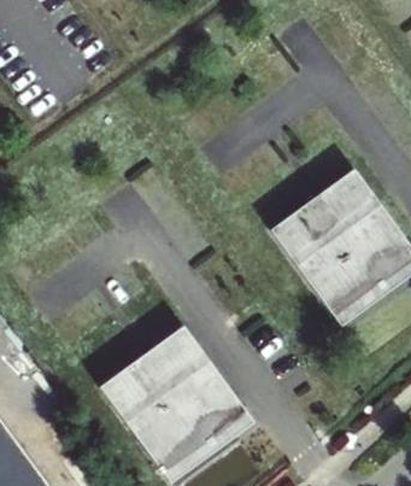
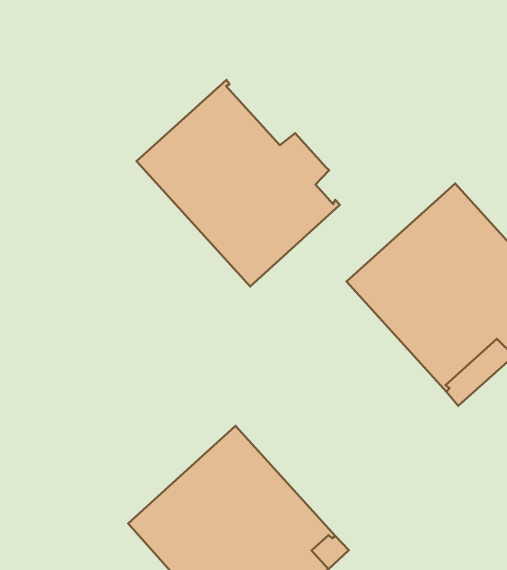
building: none -> [137,80,340,286]

